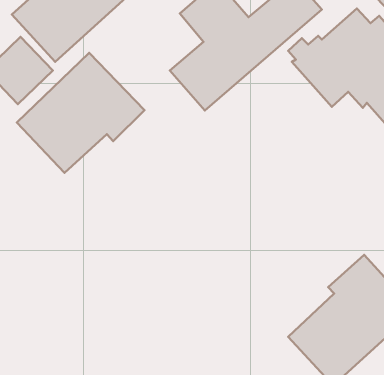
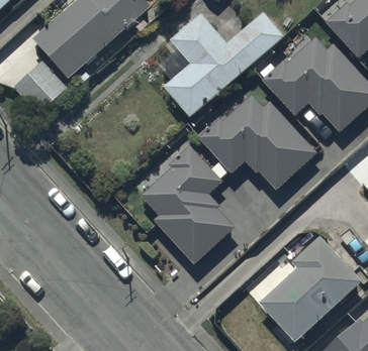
building: [17,53,144,173] -> none
building: none -> [199,94,318,190]
building: none -> [141,141,234,262]

